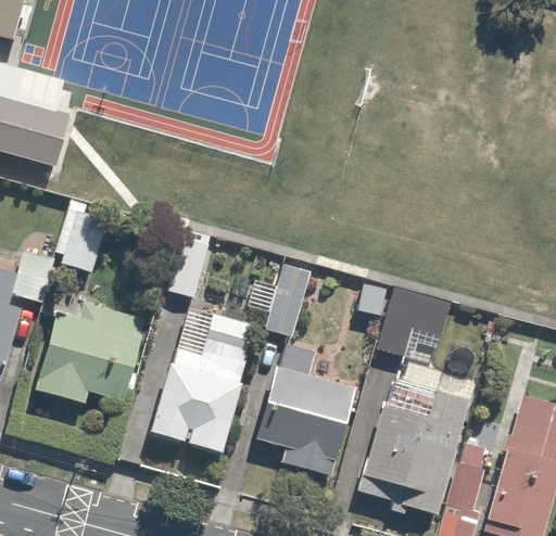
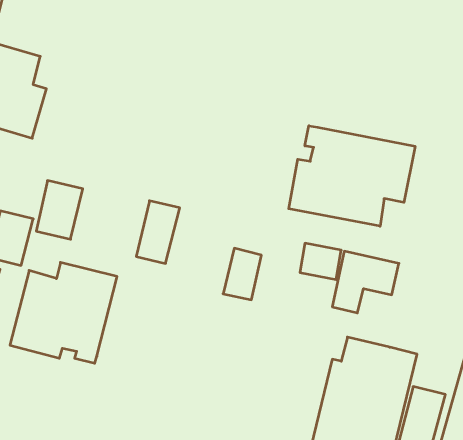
building: none -> [289,126,415,226]
building: [151,310,257,452] -> none
building: [255,349,353,476] -> none

